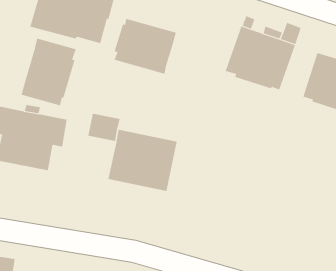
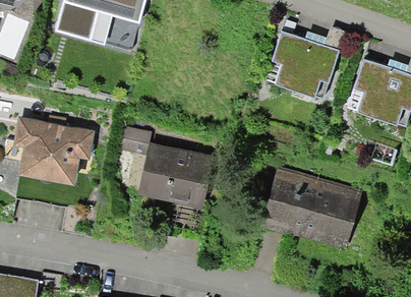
building: [114,18,177,74] -> none
building: [21,38,77,106] -> none
building: none -> [261,166,364,248]

